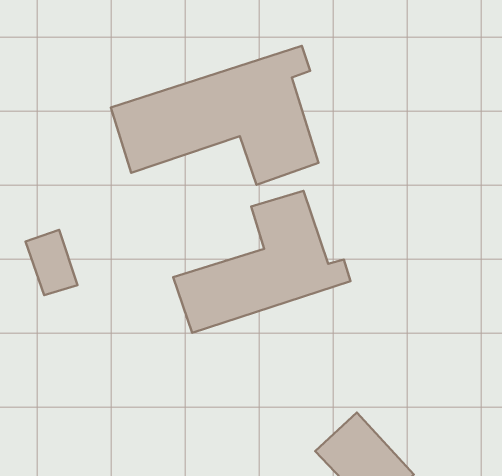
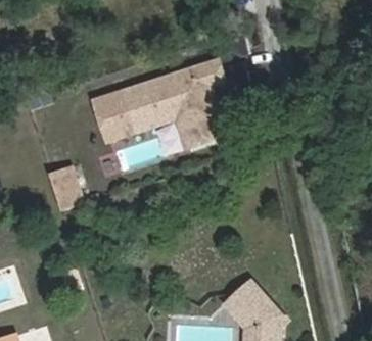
building: [173,191,351,333] -> none

